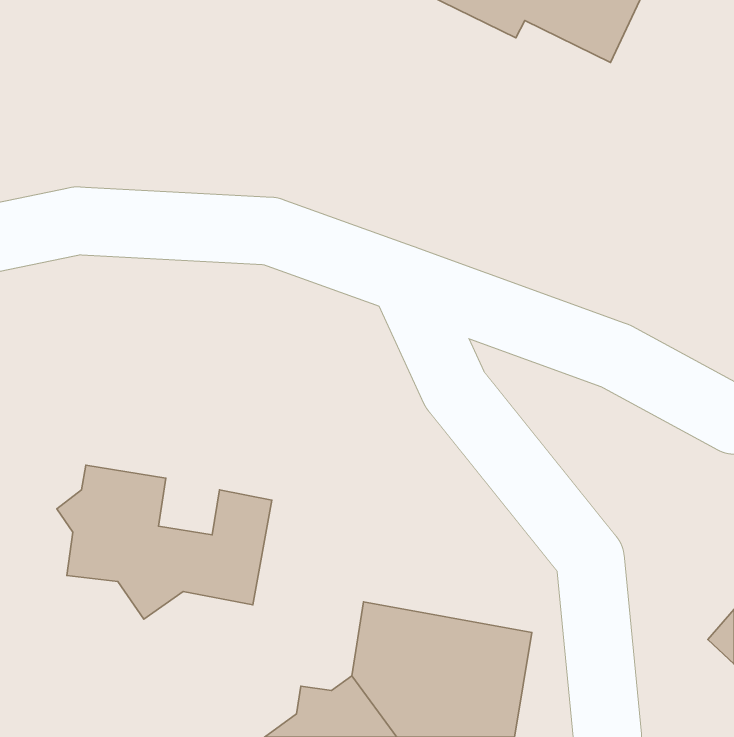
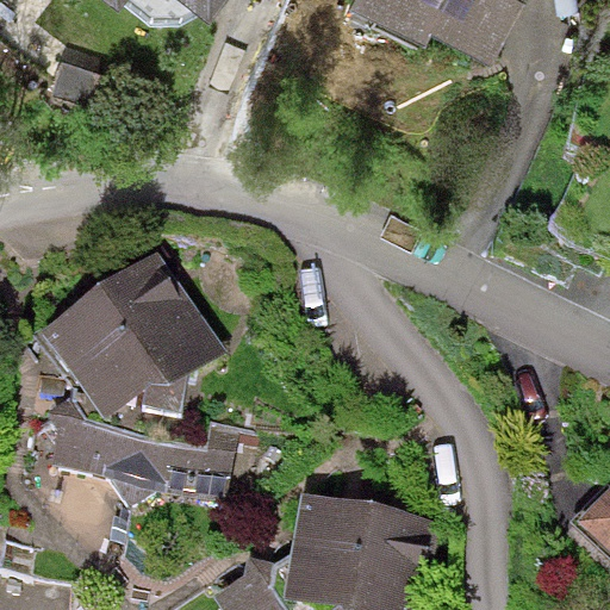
building: none -> [35,253,223,438]

